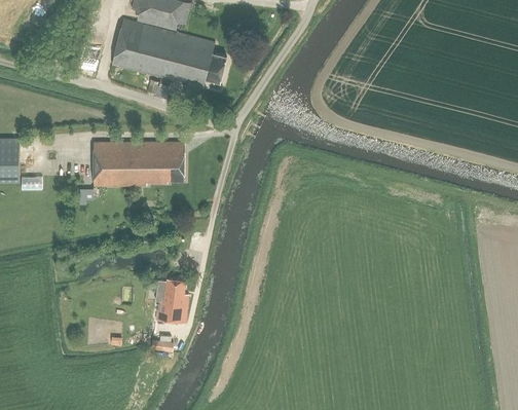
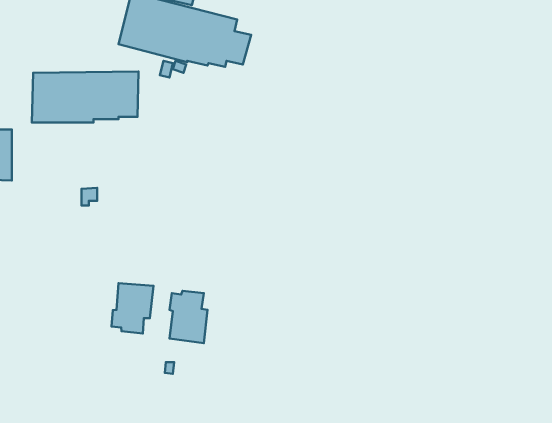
building: [91,142,184,186] -> [32,72,139,123]
building: none -> [112,283,153,333]

